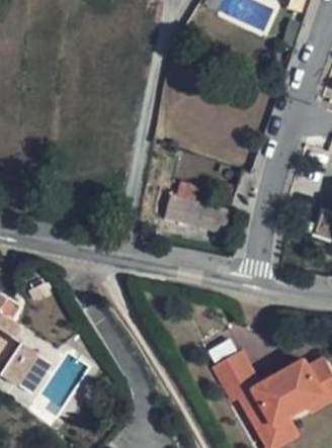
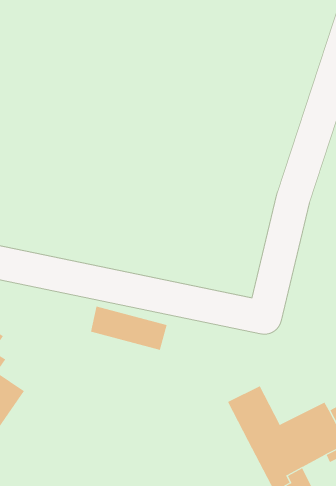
building: [163,194,230,233] -> [90,306,168,351]

